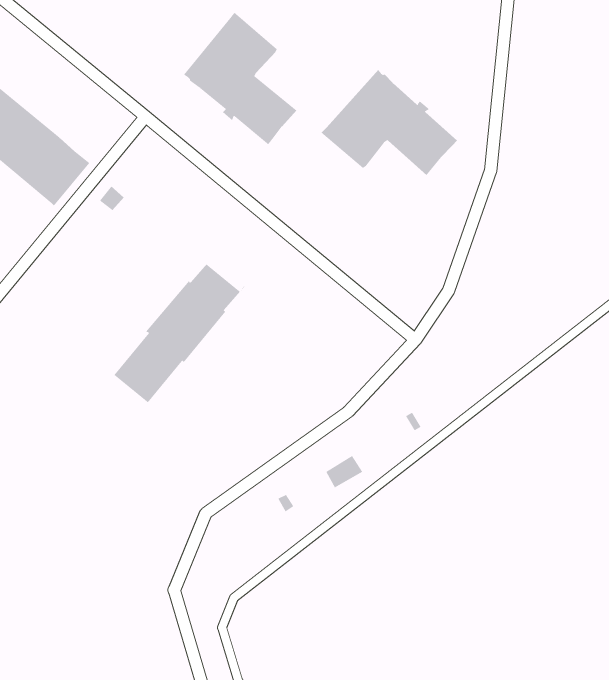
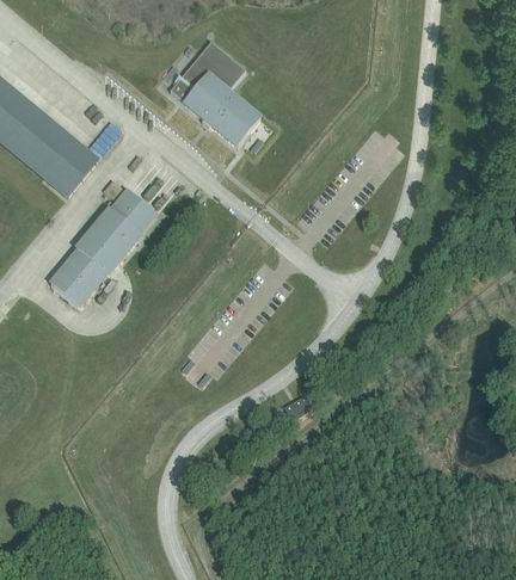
building: [321,69,458,176] -> none
building: [114,258,246,403] -> [51,190,156,306]

